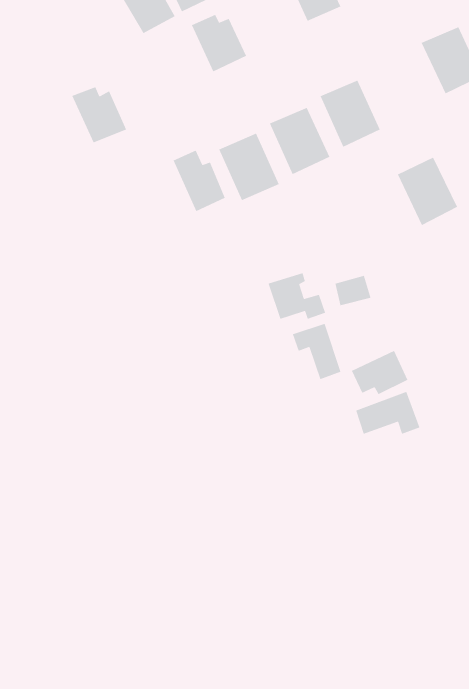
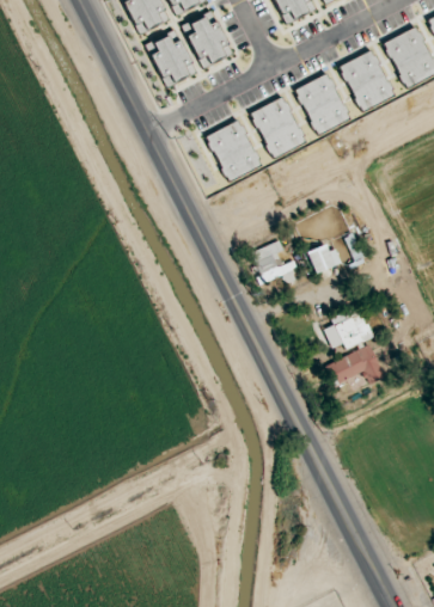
building: [71,86,127,143] -> [147,35,196,85]
building: [172,150,226,212] -> none
building: [397,156,458,226] -> [340,49,393,110]
building: [292,323,341,380] -> none

